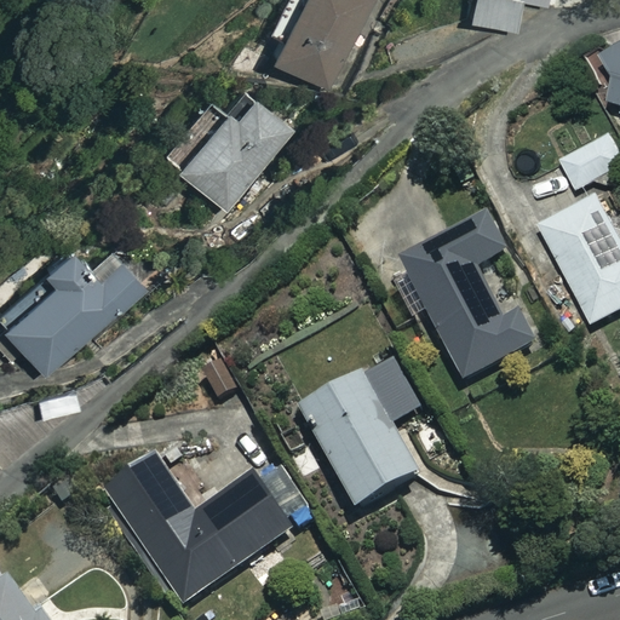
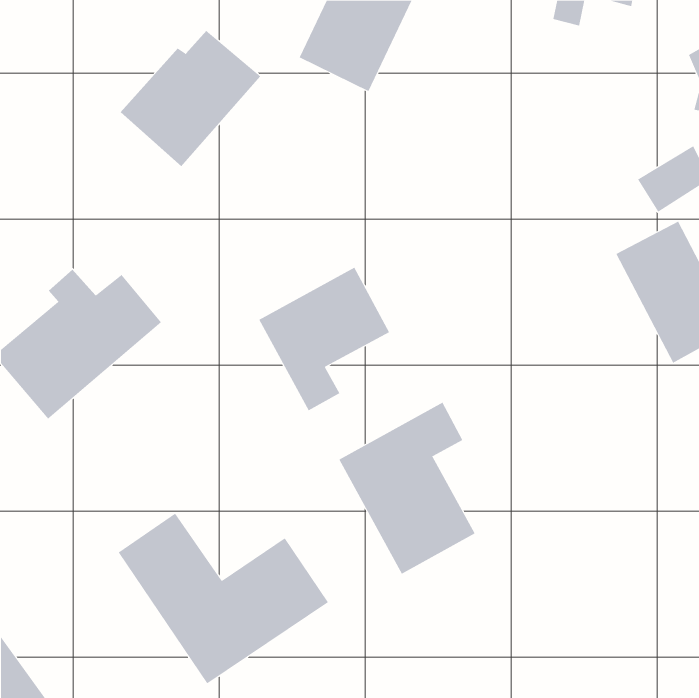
building: [168,86,293,207] -> [120,30,261,167]
building: [396,217,535,381] -> none
building: none -> [259,267,390,411]

